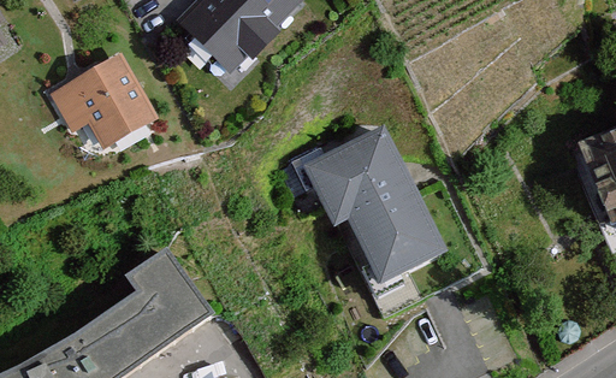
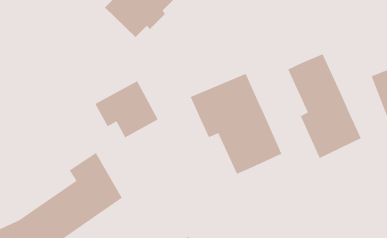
building: [52,59,148,146] -> [94,80,158,138]
building: none -> [288,53,362,159]

